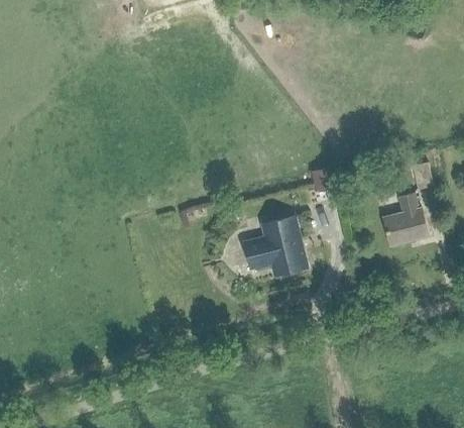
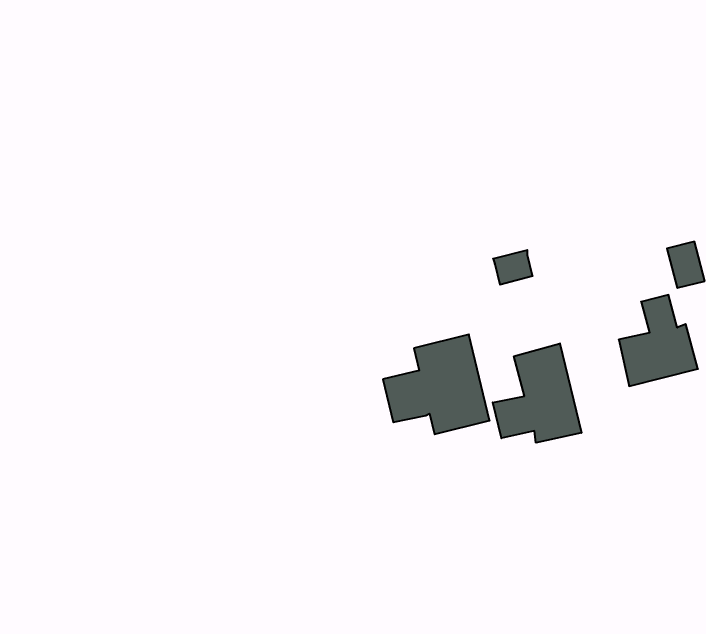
building: none -> [493,343,581,443]

